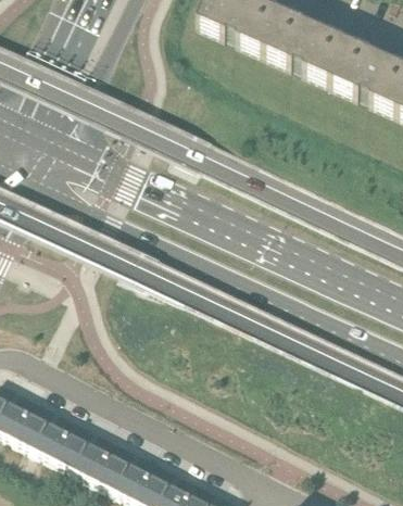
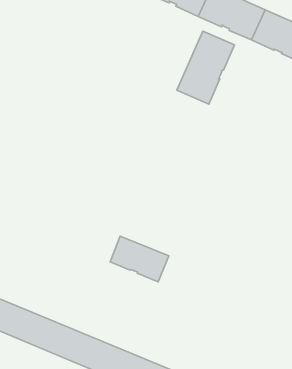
building: none -> [177,31,234,104]
building: none -> [110,236,169,282]

